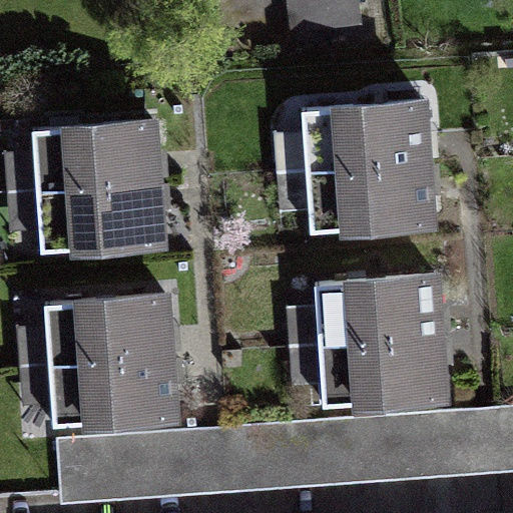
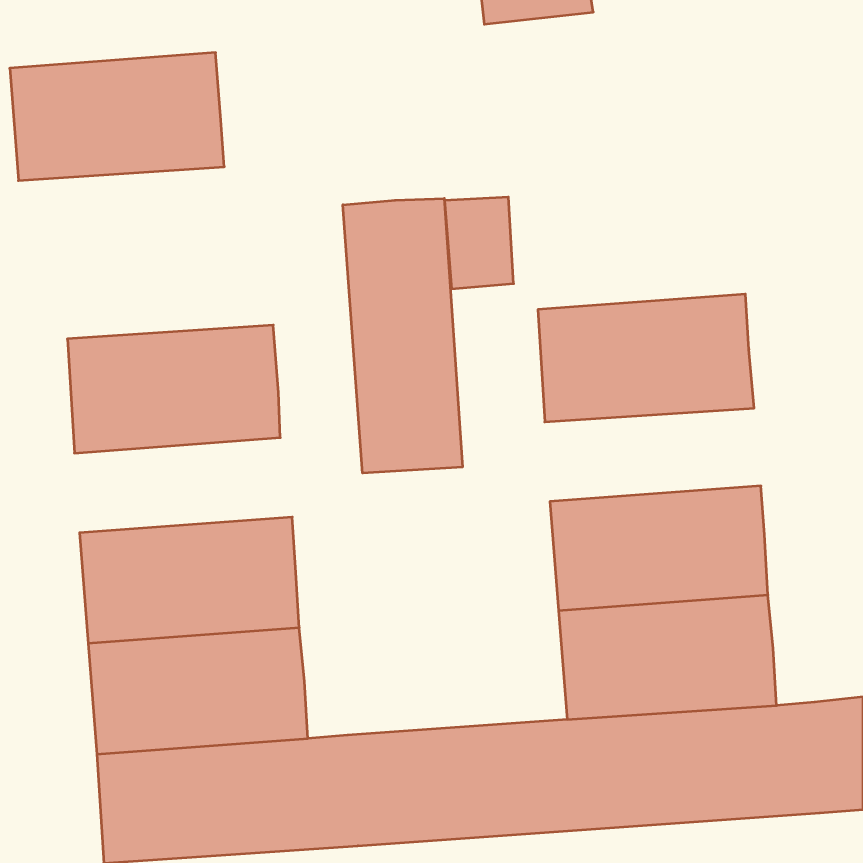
building: [307,105,432,179] -> none
building: none -> [343,198,462,473]
building: [34,122,158,196] -> [10,53,224,181]

